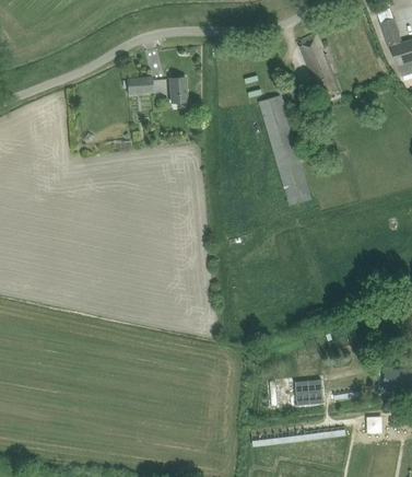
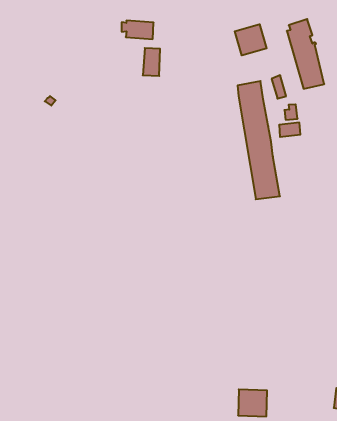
building: none -> [235,24,267,55]
building: [121,77,152,93] -> [122,21,154,39]

